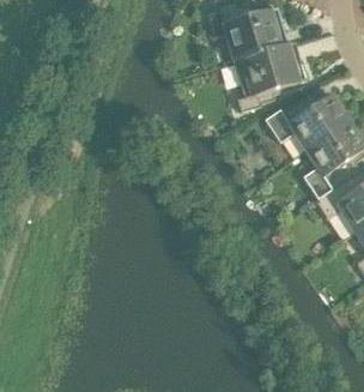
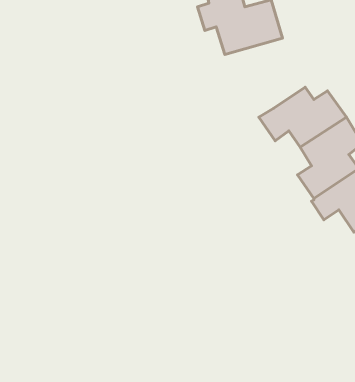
building: [235,42,308,110] -> none

